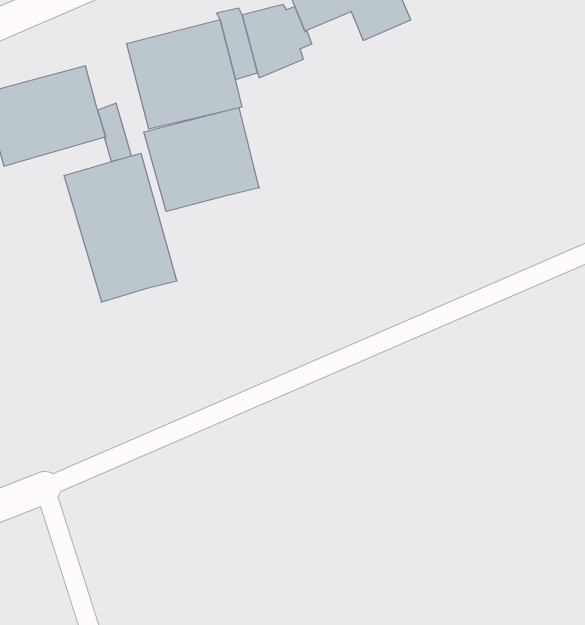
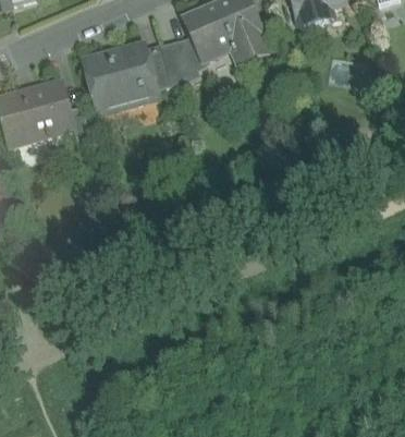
building: [144,108,259,211] -> none
building: [64,153,177,302] -> none

